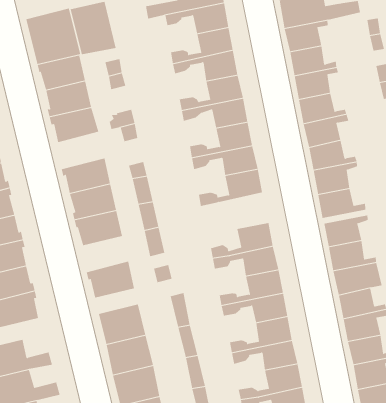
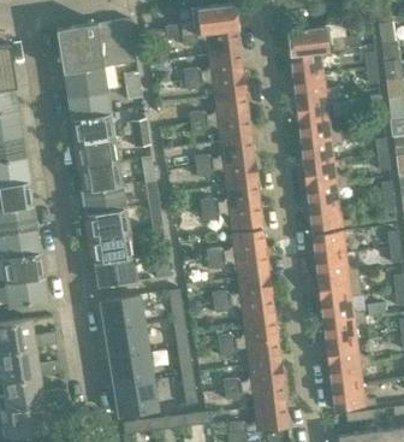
building: none -> [77,137,119,169]
building: none -> [202,204,262,230]
building: none -> [93,234,133,264]

